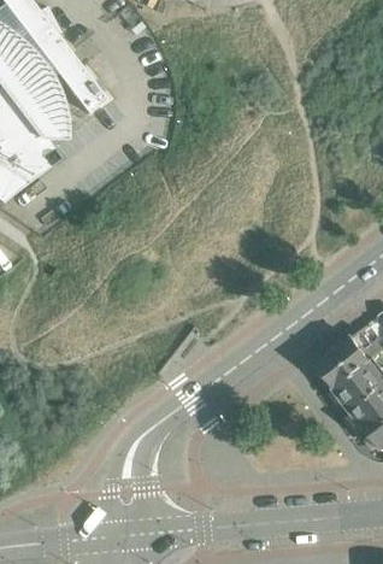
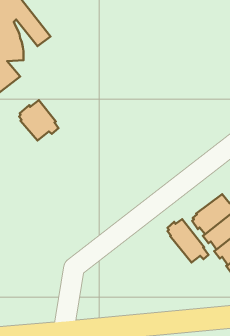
building: none -> [19,100,59,140]
building: none -> [167,219,209,262]

